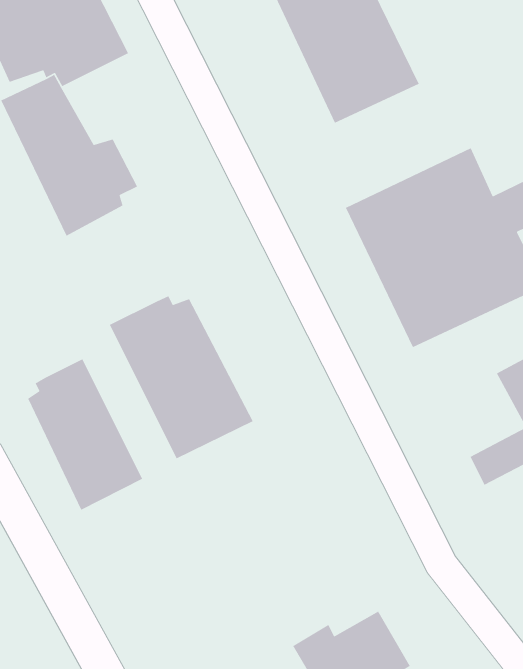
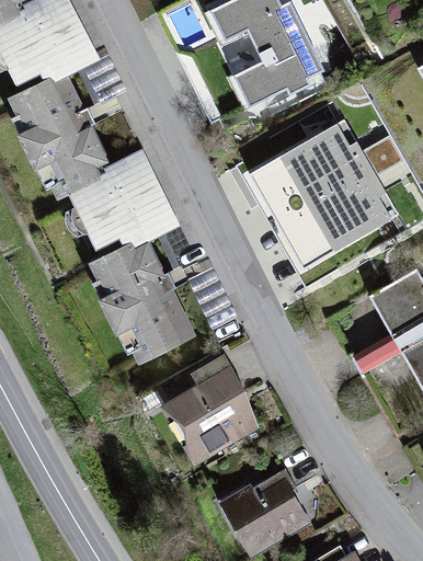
building: none -> [61,144,179,244]
building: [27,358,143,511] -> none
building: none -> [160,351,262,457]

